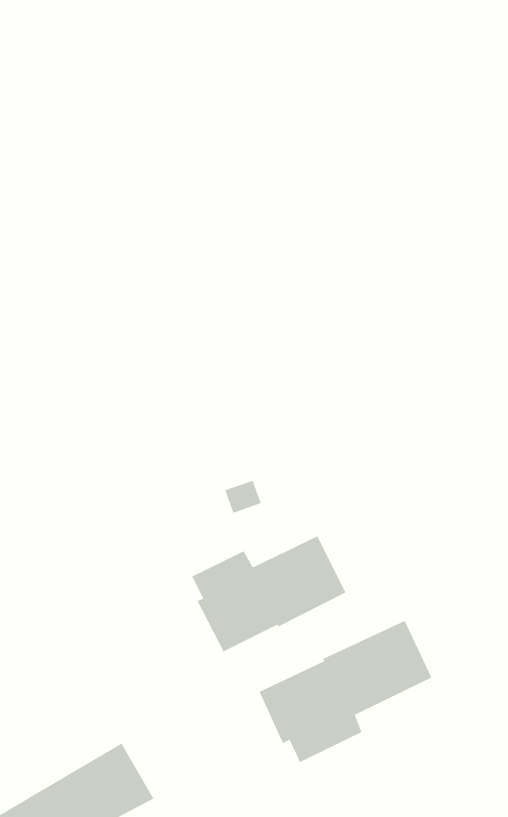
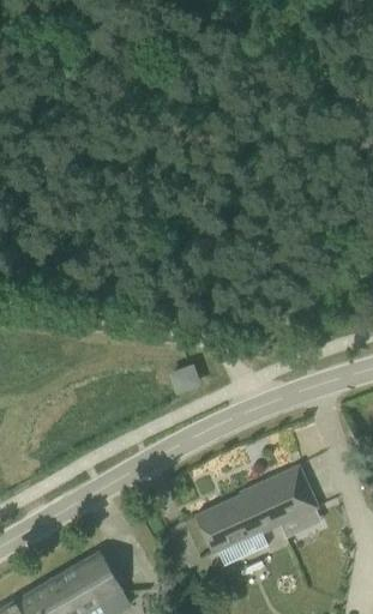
building: [191,535,347,653] -> none

